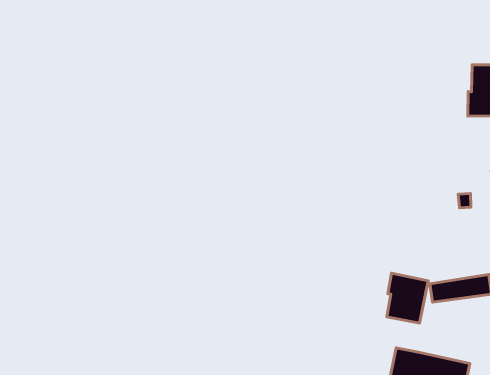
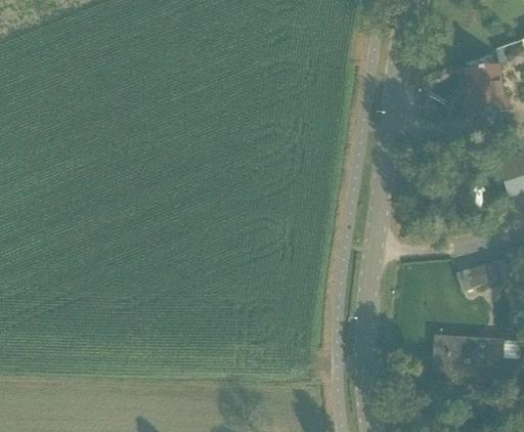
building: [387,273,428,323] -> none

